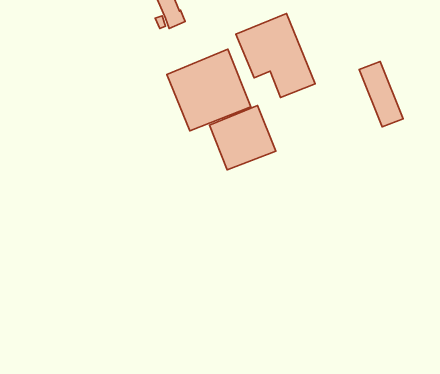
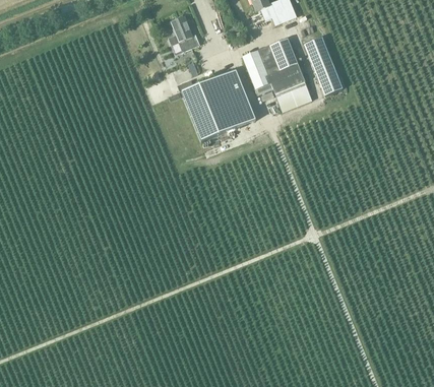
building: [359,61,403,127] -> [303,36,342,93]
building: [210,106,276,170] -> none

